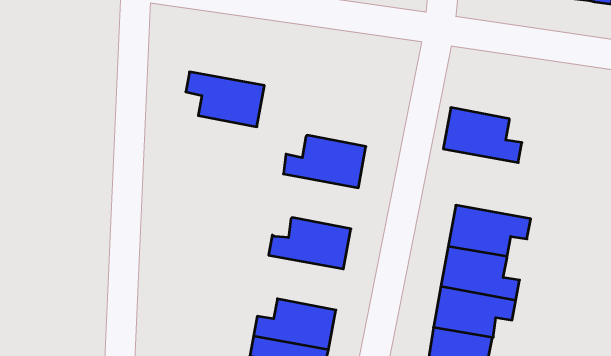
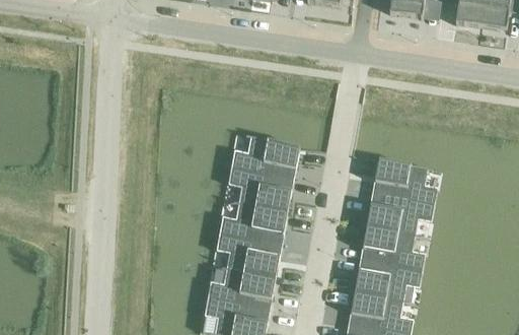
building: [186,72,264,127] -> [230,166,294,211]
building: [443,108,522,163] -> [373,158,437,203]
building: none -> [218,232,282,277]

